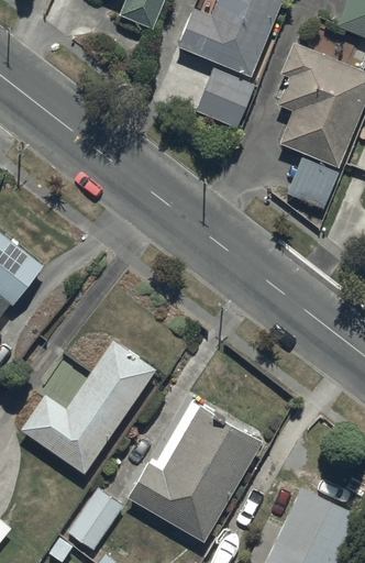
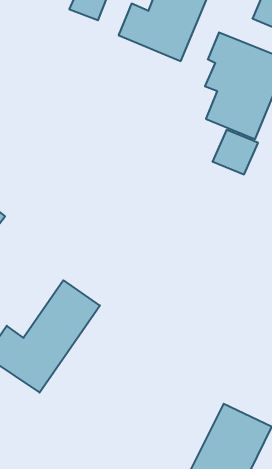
building: [197,68,254,126] -> none
building: [128,402,262,538] -> none
building: [68,486,123,548] -> none

